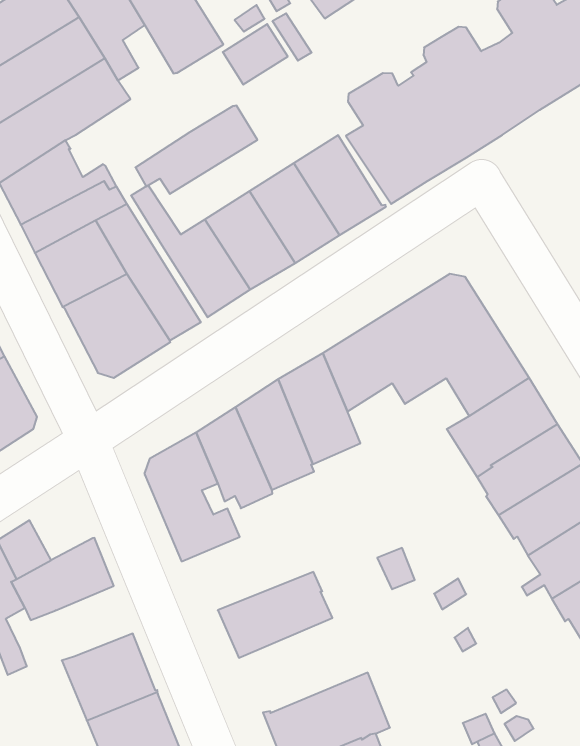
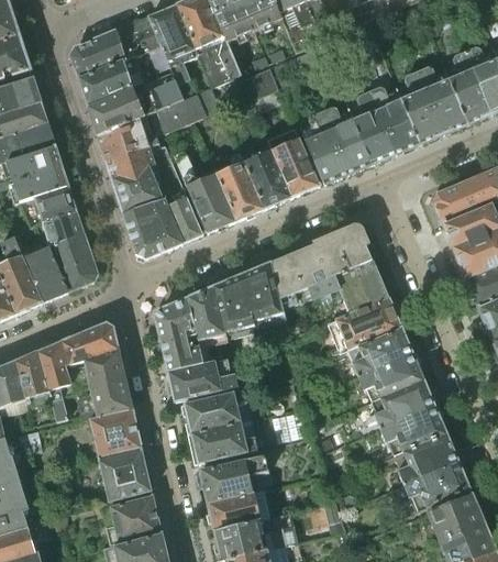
building: [135,106,257,194] -> [147,86,221,131]
building: none -> [84,322,119,357]
building: none -> [168,356,239,400]
building: none -> [75,378,133,419]
building: none -> [192,418,258,462]

